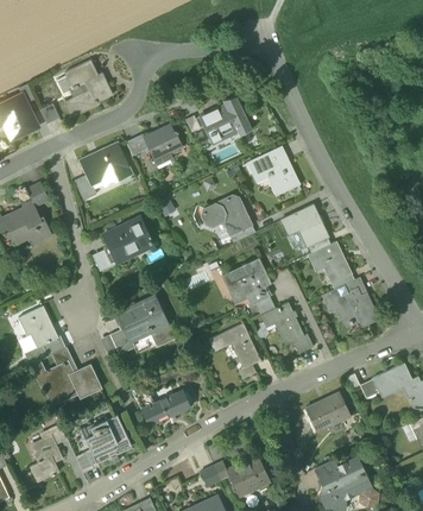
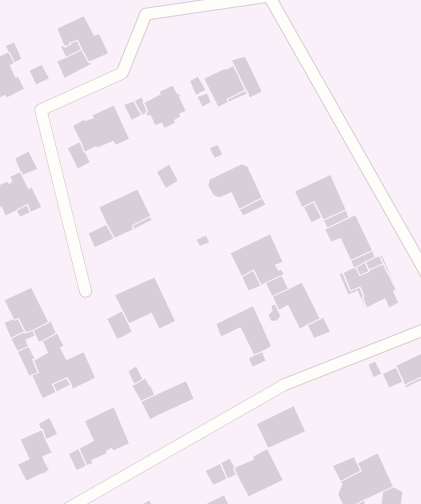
building: [248,147,298,194] -> none
building: [305,392,351,431] -> [256,405,306,449]

